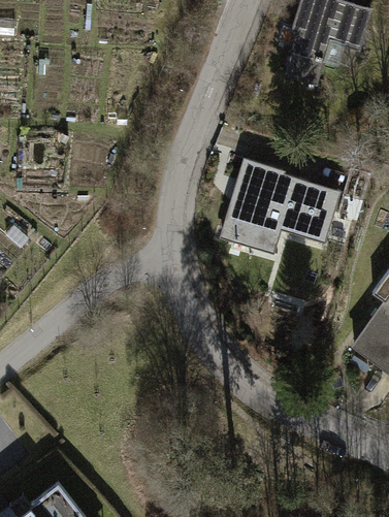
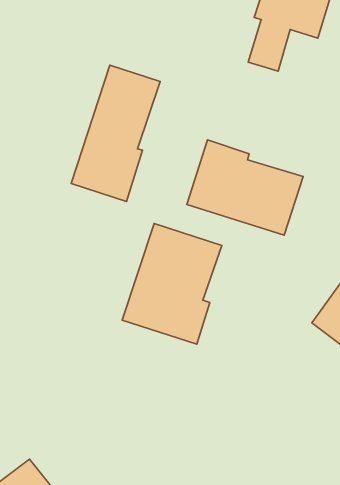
building: none -> [71,65,160,201]
building: none -> [122,224,222,344]

